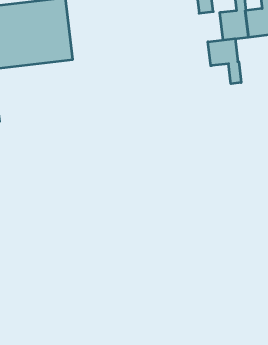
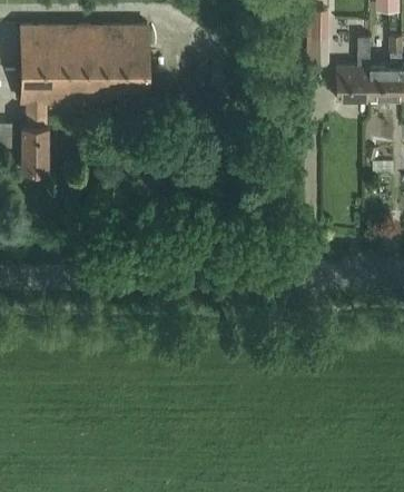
building: [208,39,241,84] -> none

